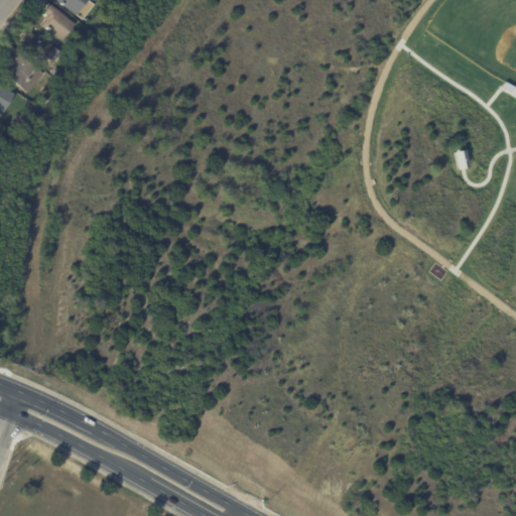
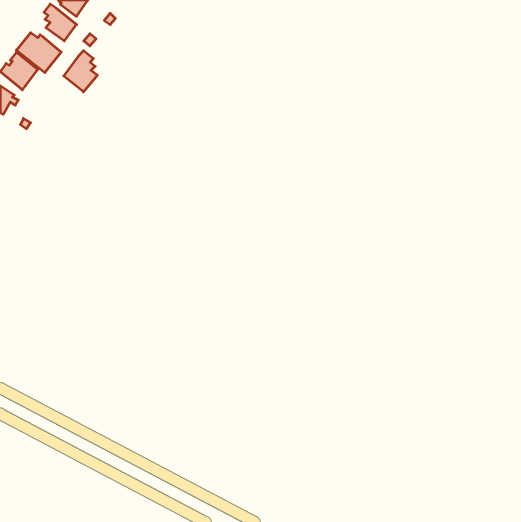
building: none -> [64,51,97,92]

